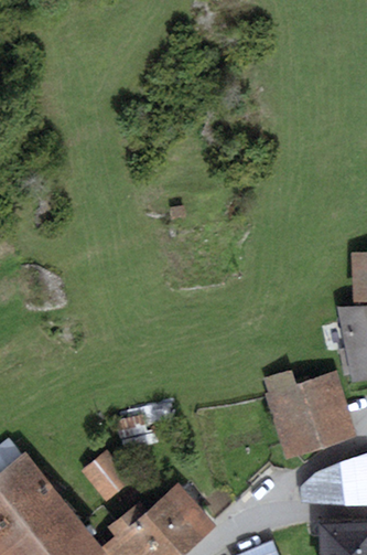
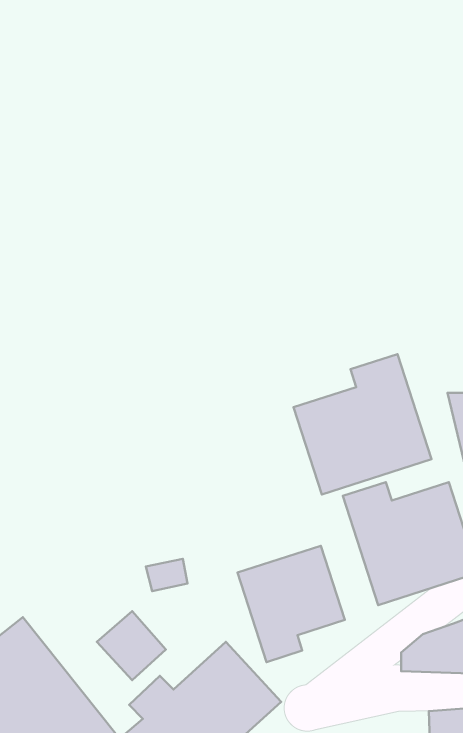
building: none -> [294,354,432,495]
building: none -> [238,546,345,662]

